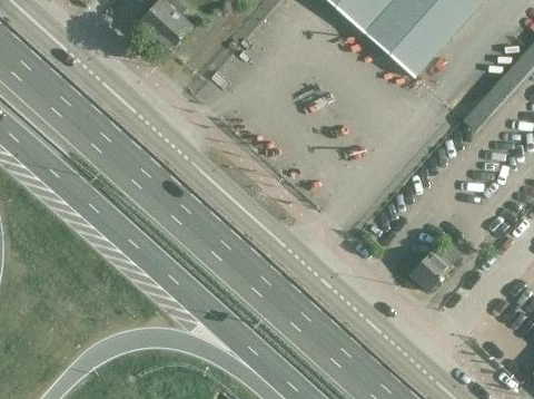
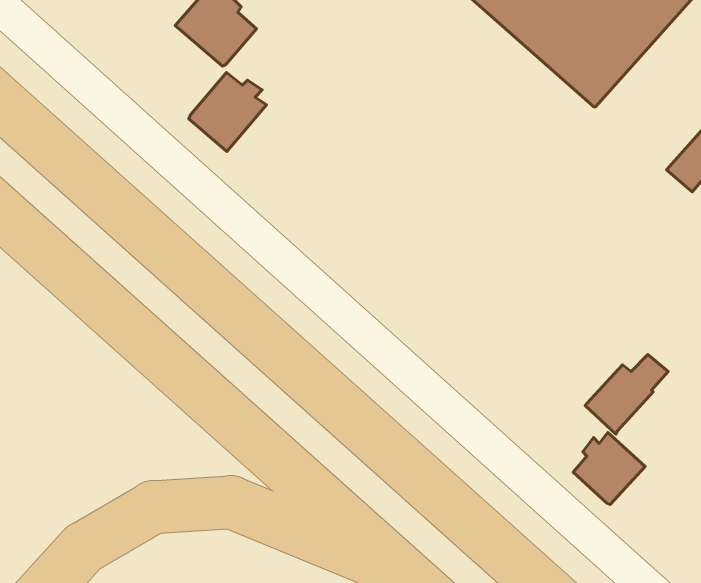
building: none -> [189,73,266,151]
building: none -> [573,433,645,504]

